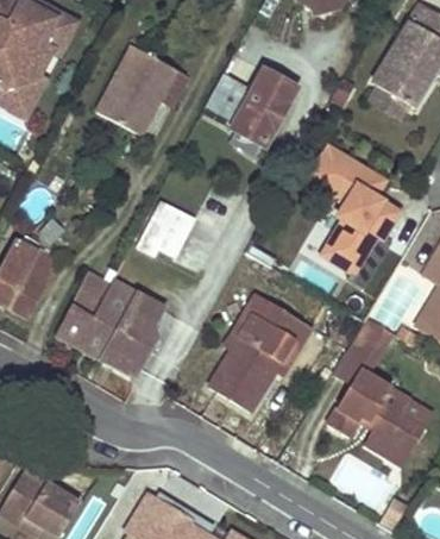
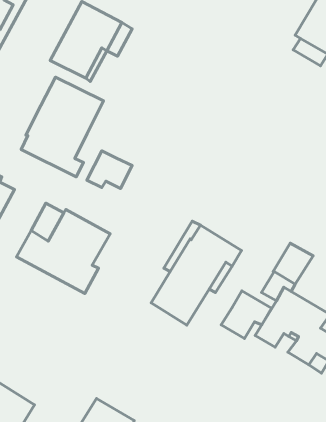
building: [203,68,295,145] -> none
building: none -> [21,77,103,177]
building: [308,146,394,274] -> none
building: none -> [221,291,272,339]

